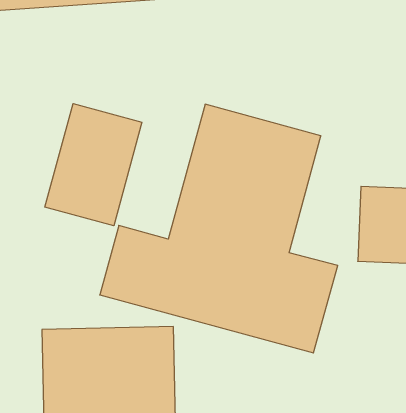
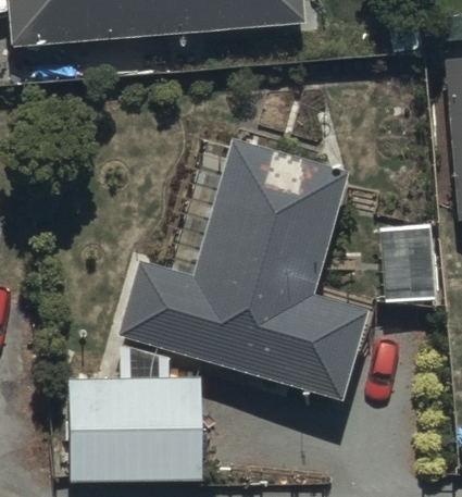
building: [45,104,142,226] -> none

